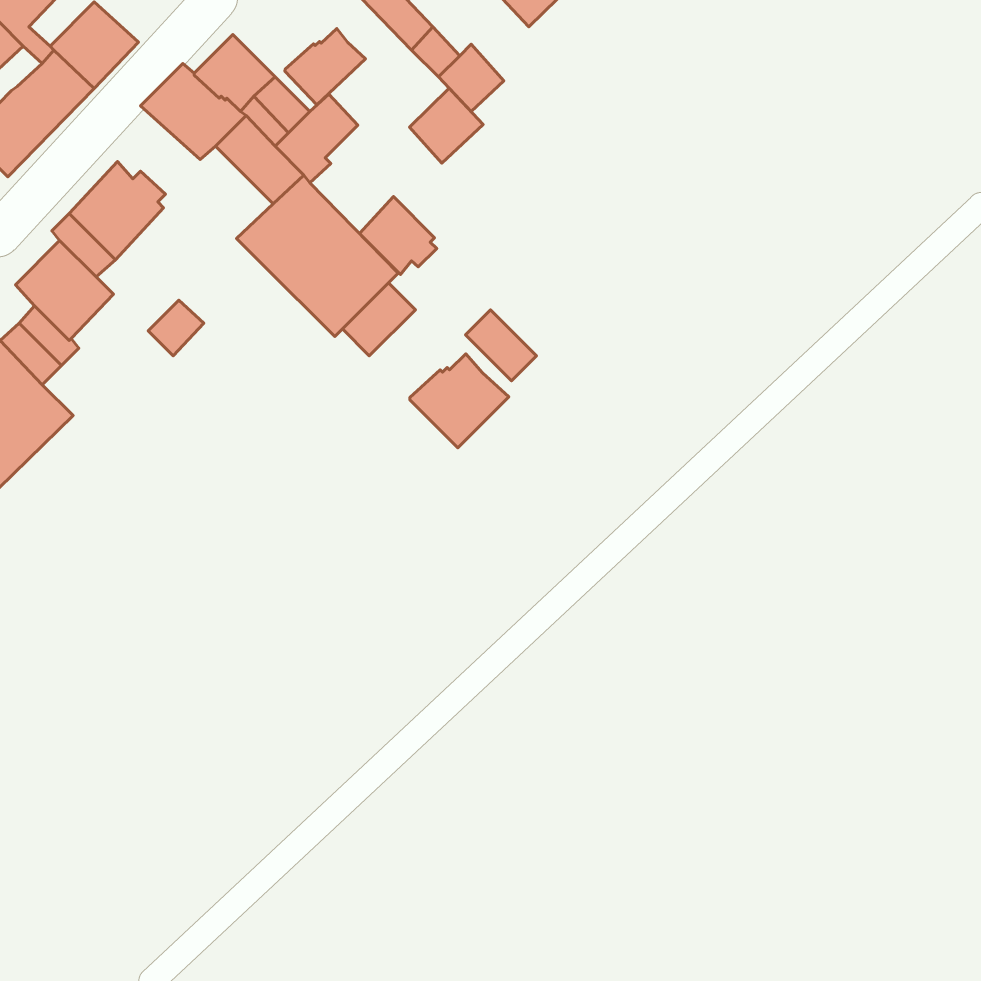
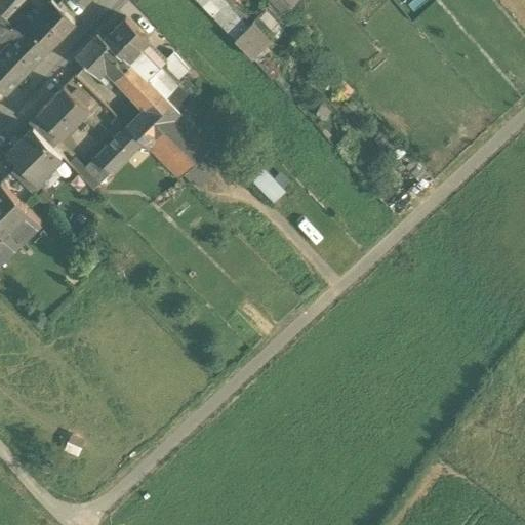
building: [285,28,366,105] -> none
building: [410,88,483,163] -> none
building: [359,197,437,275] -> none
building: none -> [95,127,139,172]
building: [410,354,509,448] -> none

